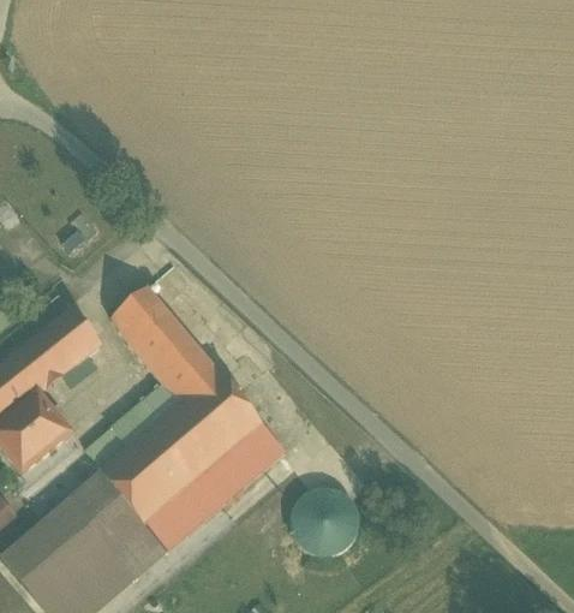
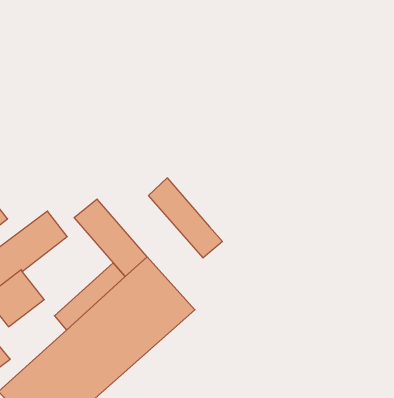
building: none -> [149,178,222,258]
building: [286,487,360,560] -> none

